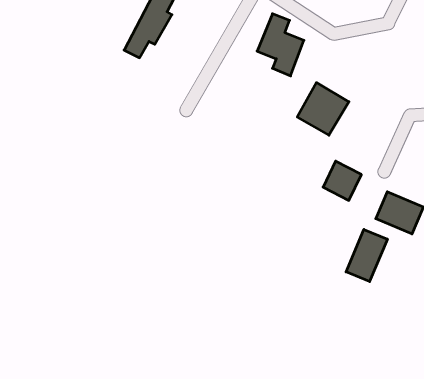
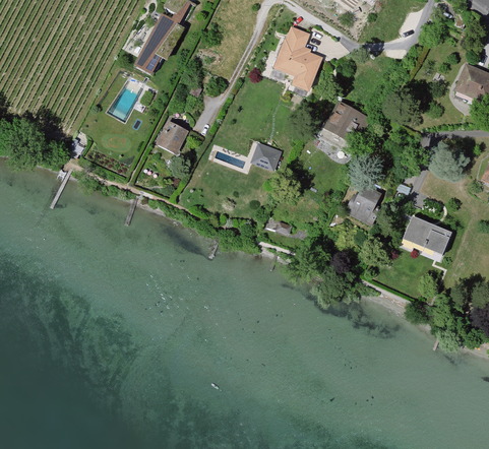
building: none -> [156,118,189,152]
building: none -> [250,141,281,170]
building: [346,229,387,282] -> none

